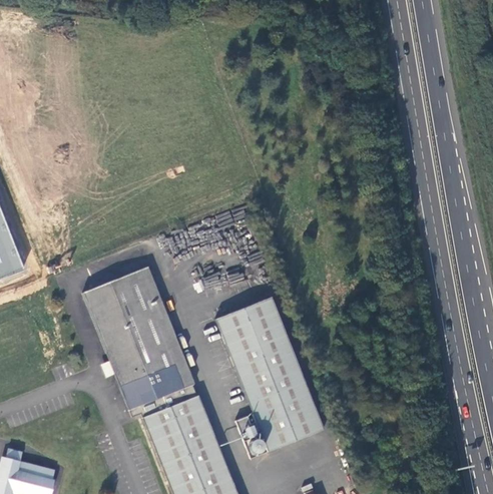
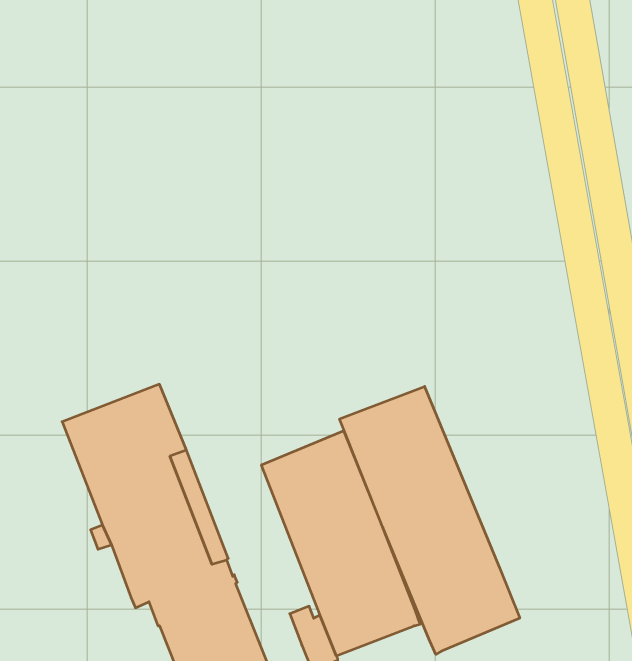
building: none -> [340,386,520,654]

